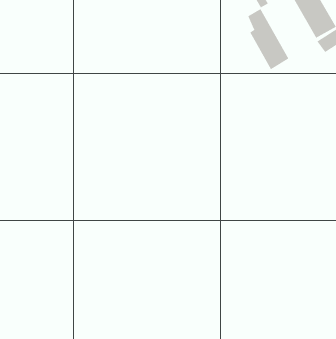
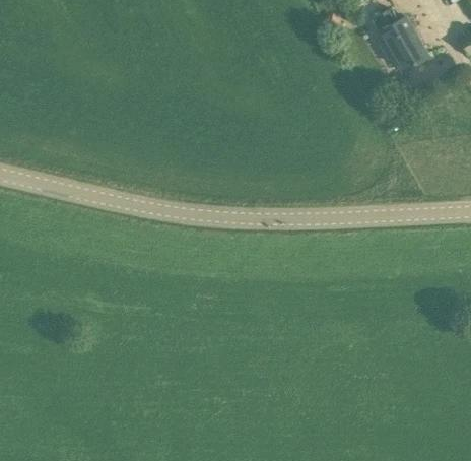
building: [247,8,289,70] -> none

